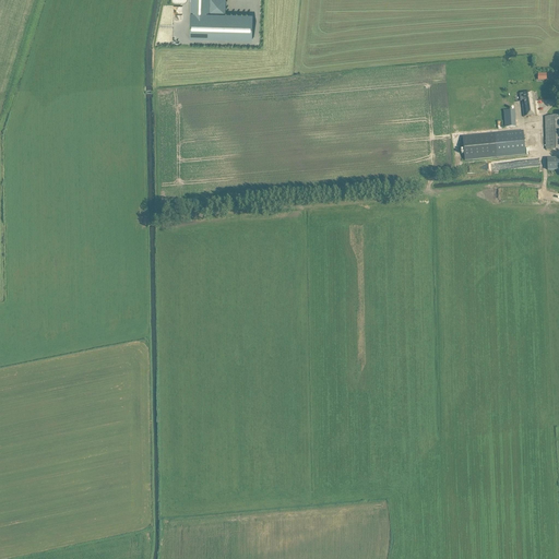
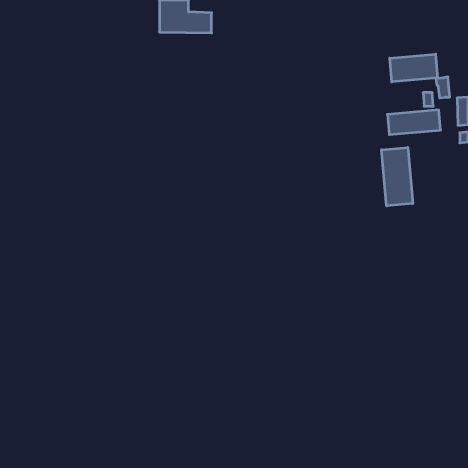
building: none -> [390,54,438,82]
building: none -> [382,147,413,206]

